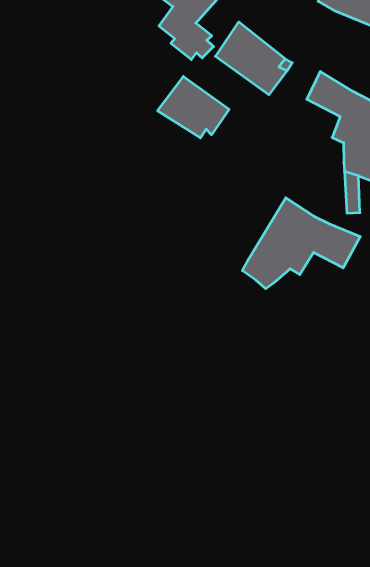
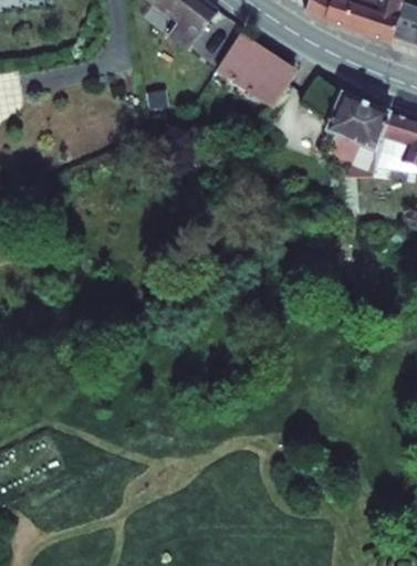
building: [158,76,229,138] -> none
building: [242,198,360,289] -> none

